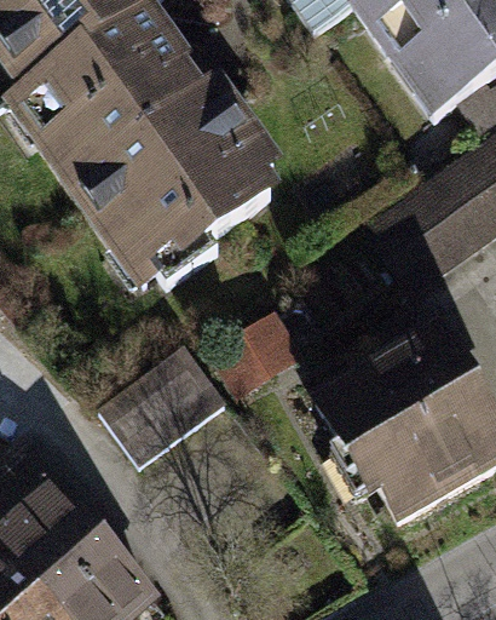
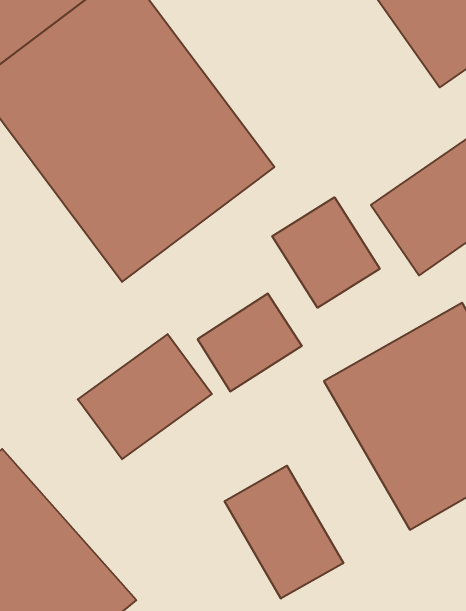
building: none -> [272,197,380,308]
building: none -> [225,466,343,599]

